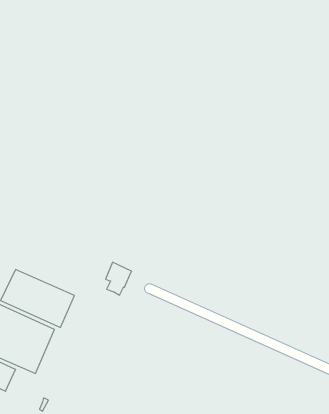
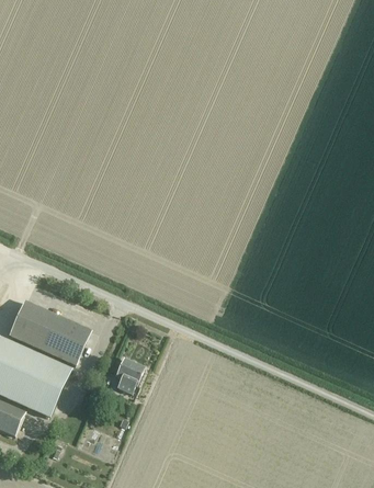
building: [106,262,132,295] -> [115,358,144,394]

